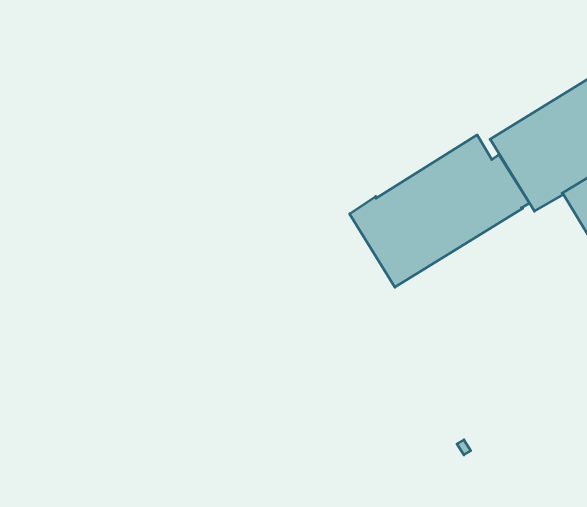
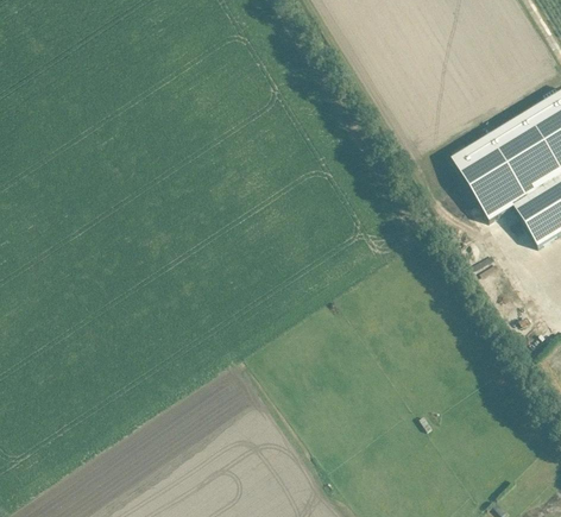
building: [350,135,530,287] -> none

